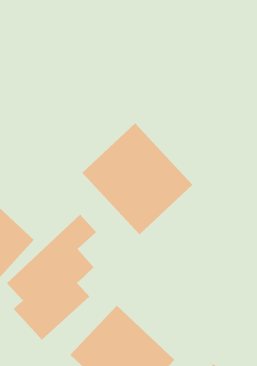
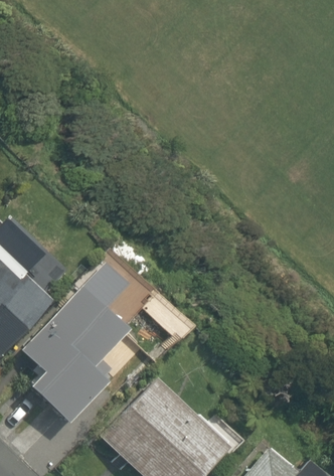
building: [81,122,193,235] -> none

